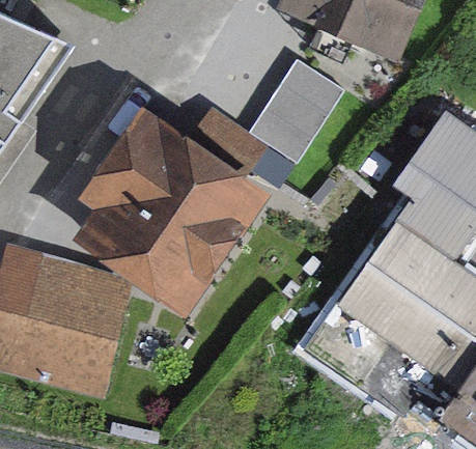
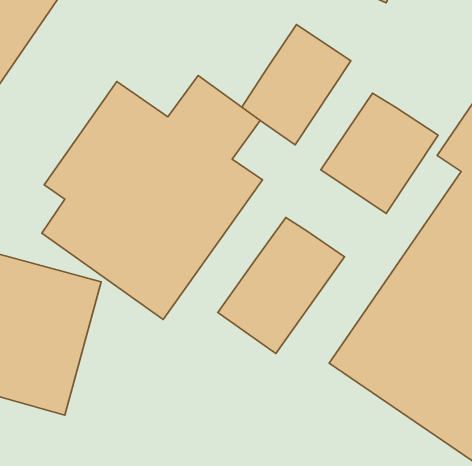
building: none -> [321,93,438,213]
building: none -> [218,217,344,354]

